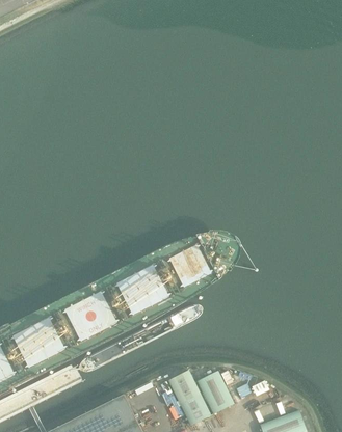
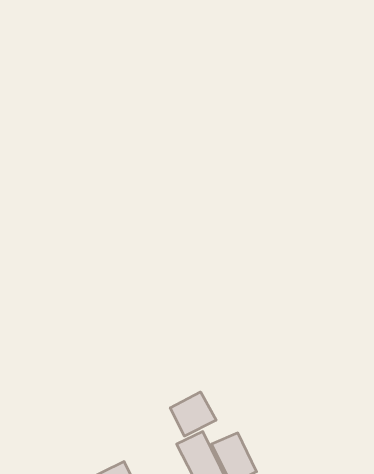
building: none -> [170,392,216,436]

